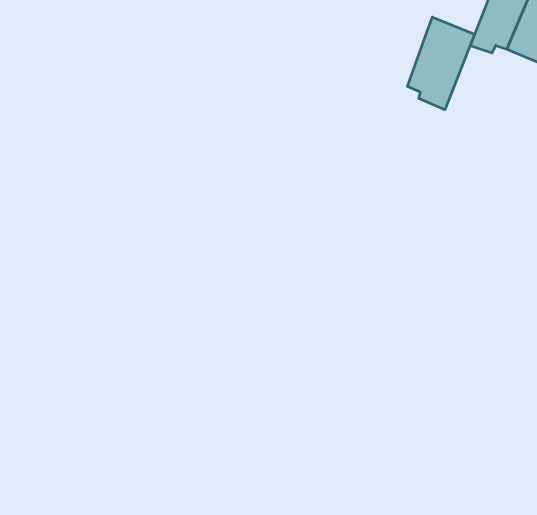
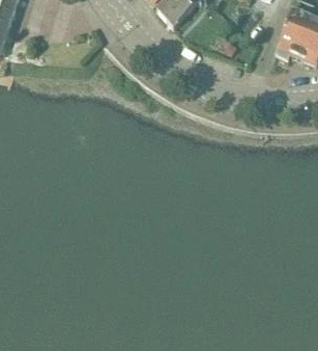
building: [407,17,474,110] -> none

